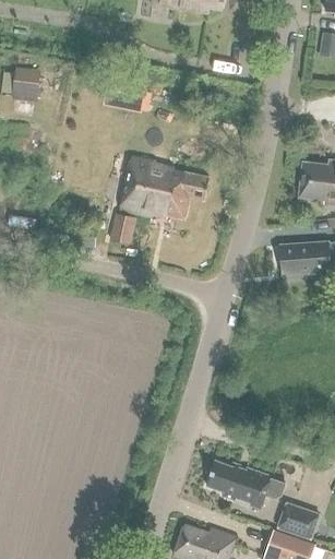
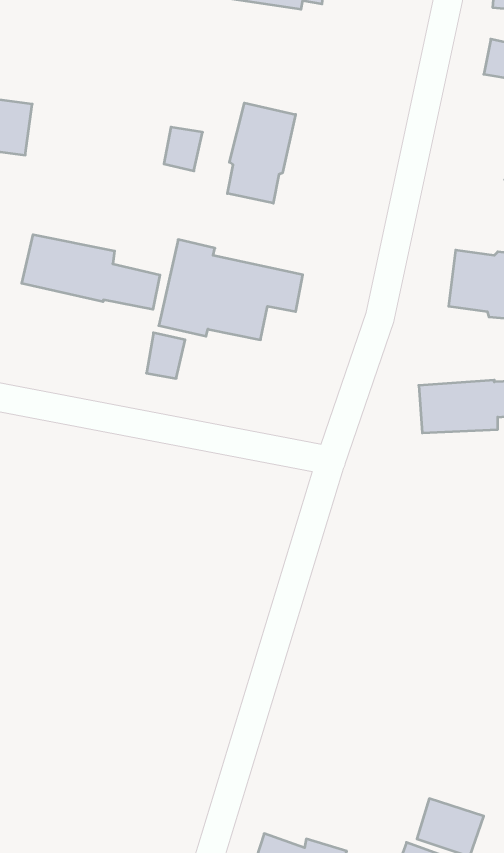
building: none -> [227,103,296,203]
building: none -> [22,235,160,309]
building: [206,462,286,510] -> none

